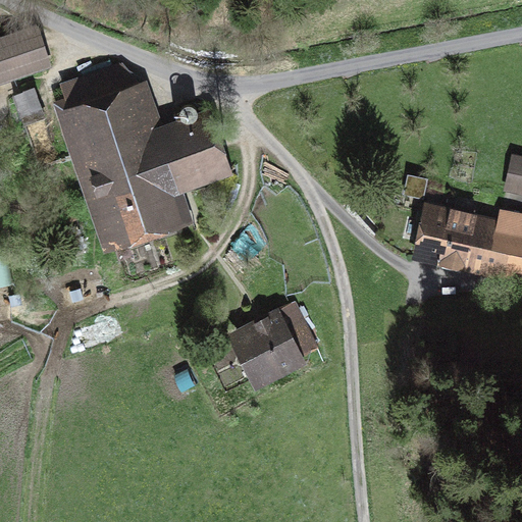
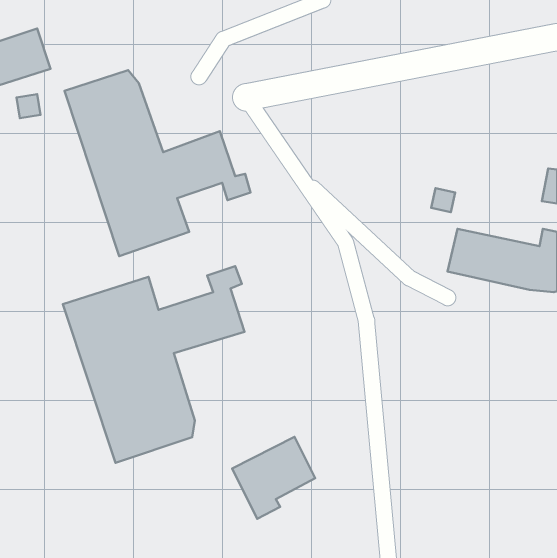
building: none -> [63,266,244,463]
building: [237,309,314,385] -> [232,437,315,519]

